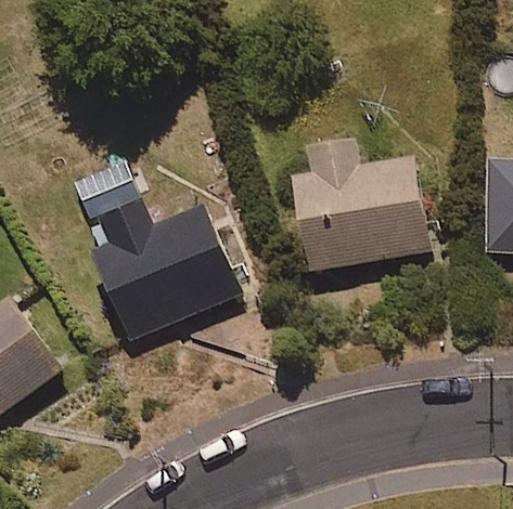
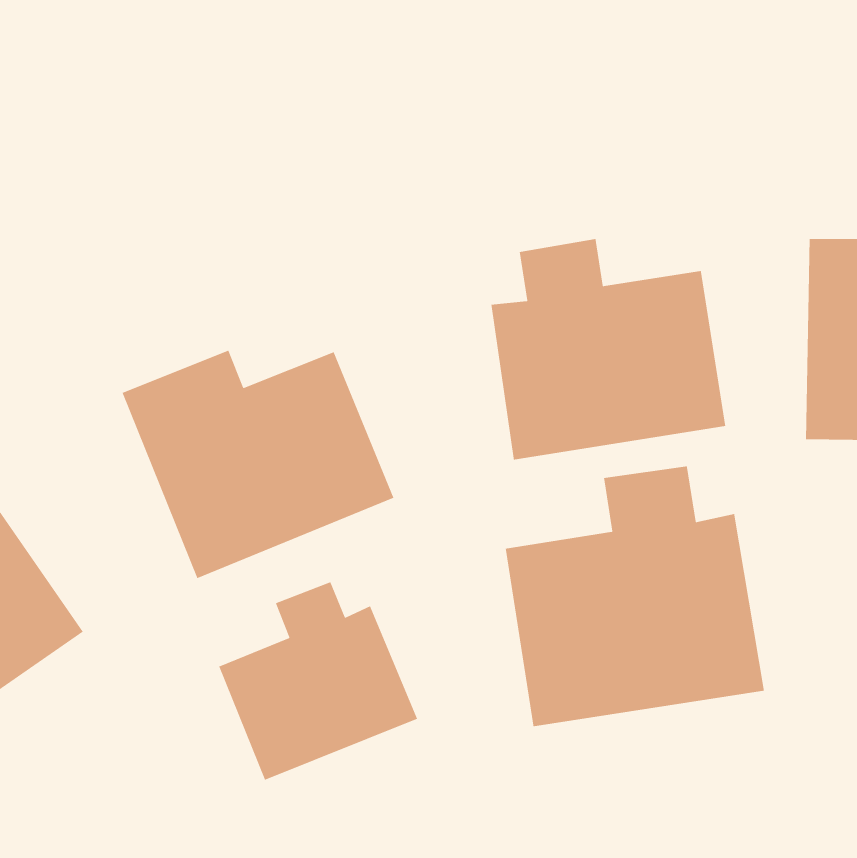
building: none -> [505,465,765,727]
building: none -> [218,581,418,781]

